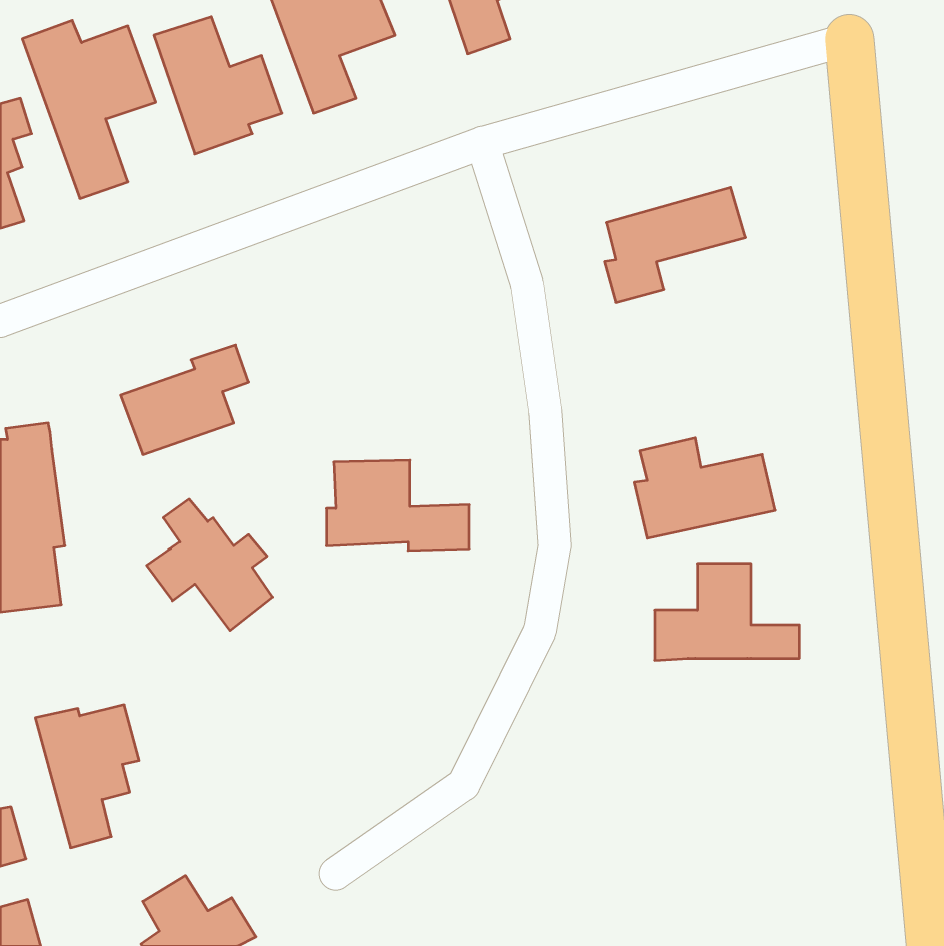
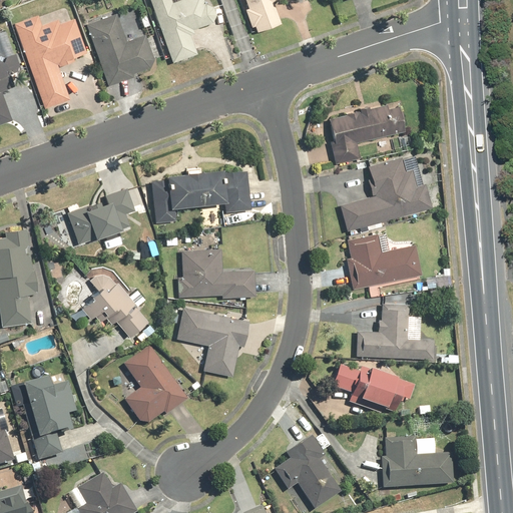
building: none -> [340,159,432,231]
building: none -> [148,170,252,224]
building: none -> [176,309,251,374]
building: none -> [122,343,185,422]
building: none -> [332,365,405,414]
building: none -> [274,434,342,505]
building: none -> [380,436,451,489]

